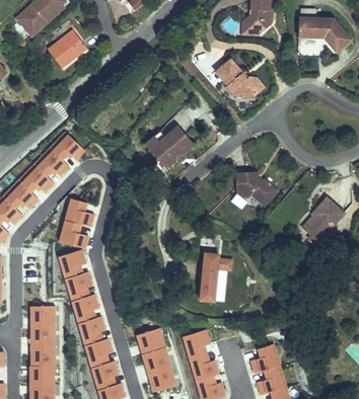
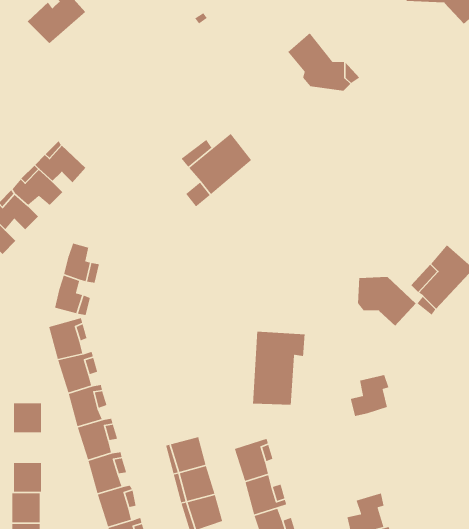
building: [236,174,276,208] -> [357,276,417,326]
building: [37,325,56,344] -> none
building: [253,343,279,372] -> [350,374,389,417]

